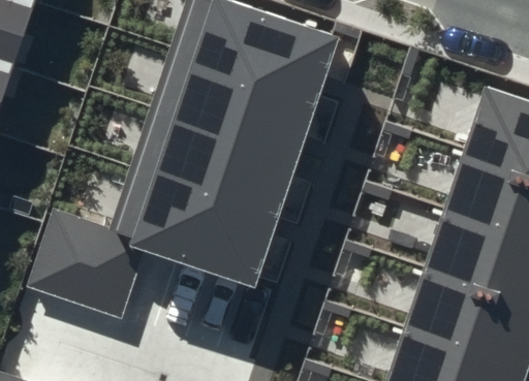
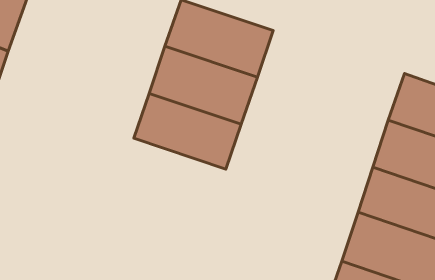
building: [144,171,274,267] -> none
building: [29,211,142,313] -> none

